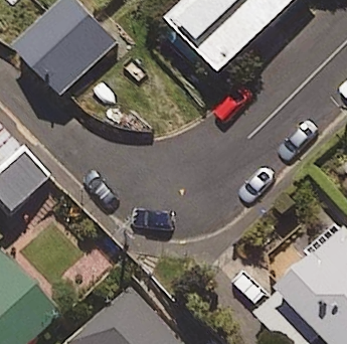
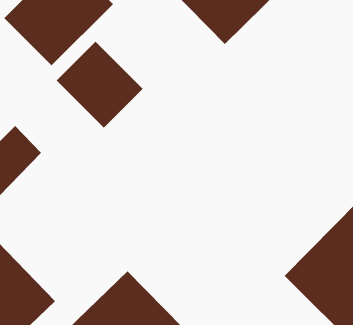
building: none -> [56,41,144,129]

